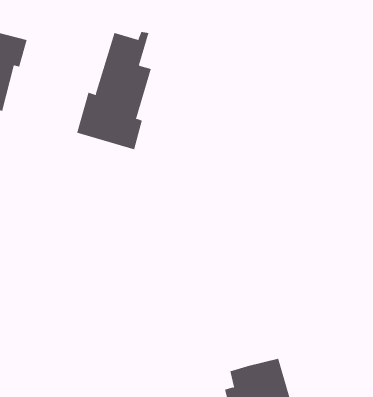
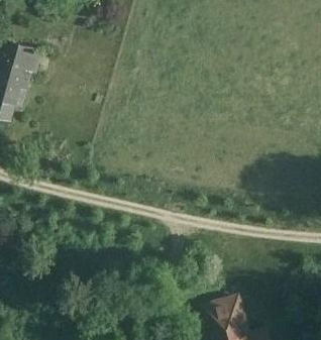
building: [77,31,151,150] -> none

